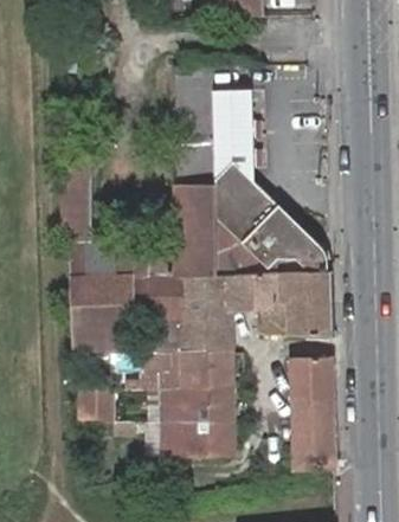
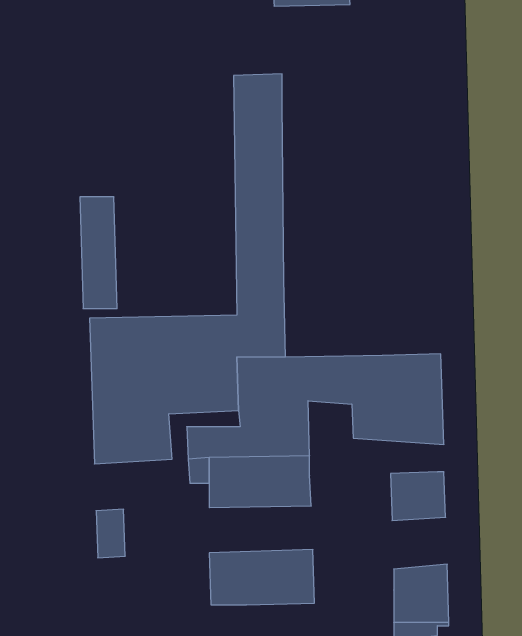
building: [211,88,327,271] -> none
building: [157,381,233,415] -> none
building: [291,389,332,427] -> none

